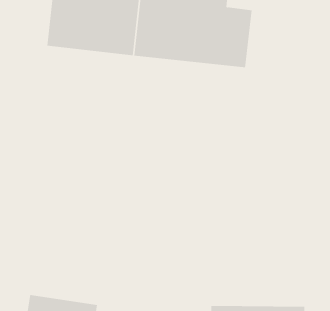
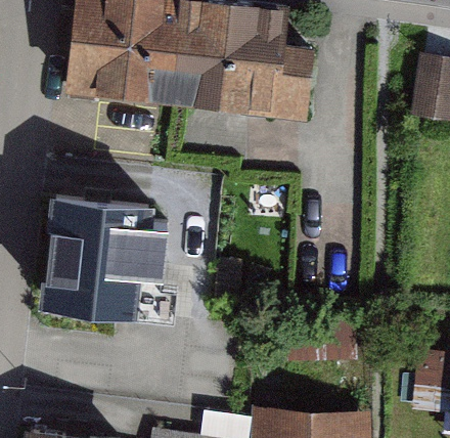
building: none -> [45,199,144,304]

